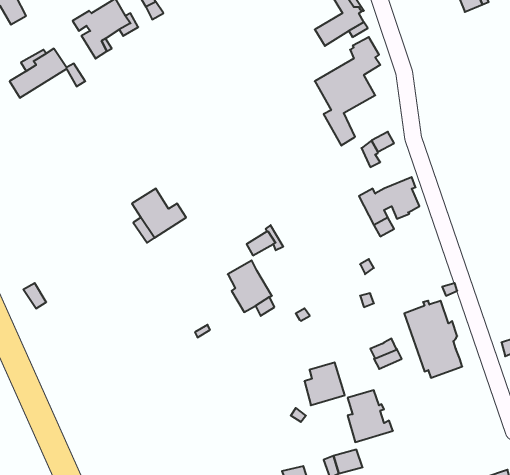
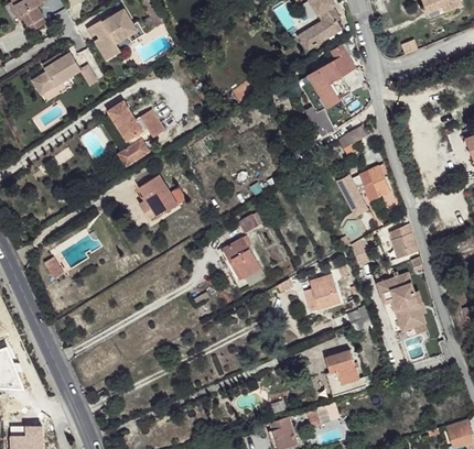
building: none -> [107,100,165,166]
building: none -> [390,222,419,258]
building: [304,362,345,405] -> [305,274,341,311]

